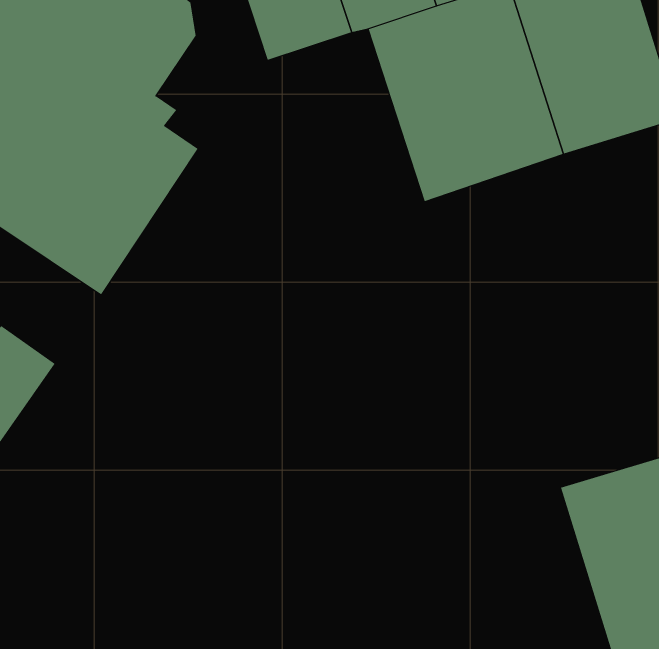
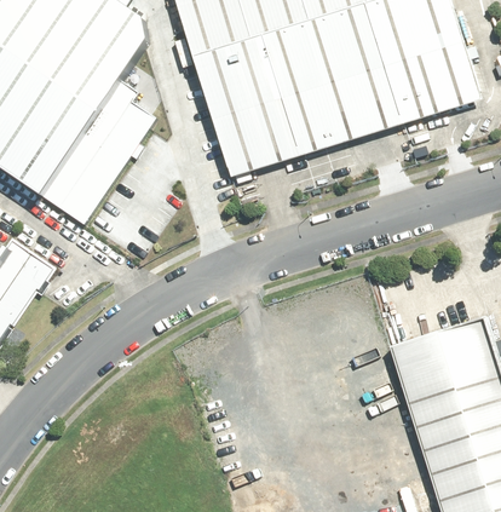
building: none -> [195,36,303,177]

